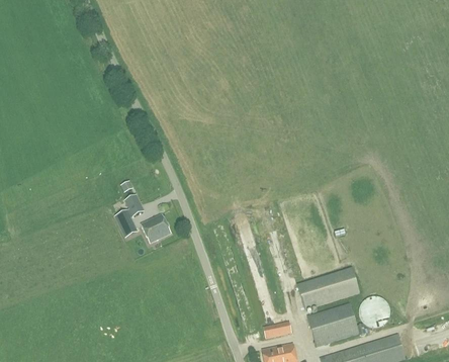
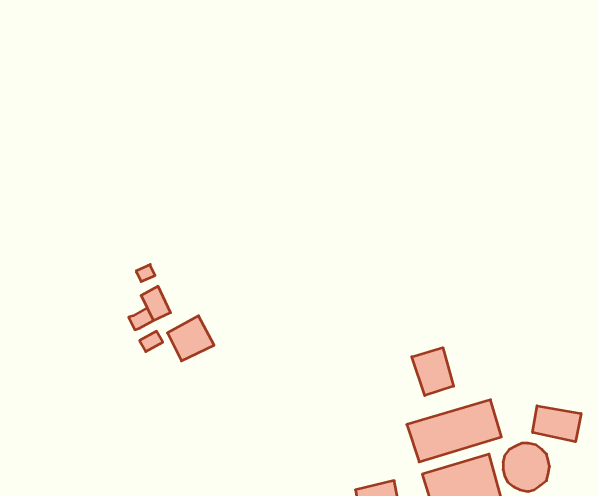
building: none -> [412,348,454,396]
building: none -> [533,406,581,442]

